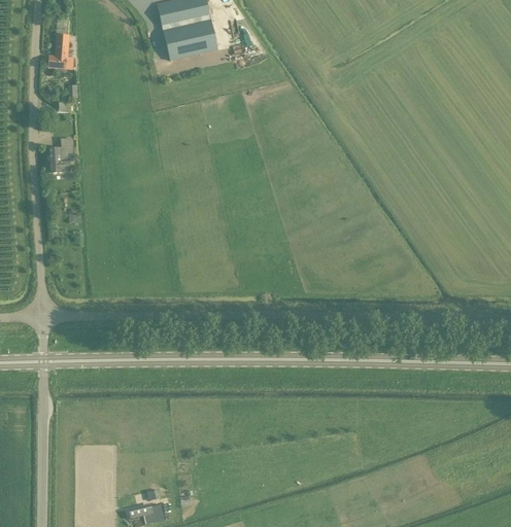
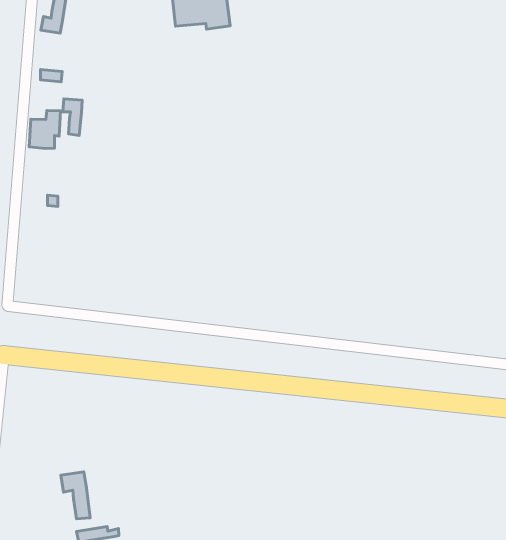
building: none -> [63,99,82,136]
building: none -> [61,472,90,519]

